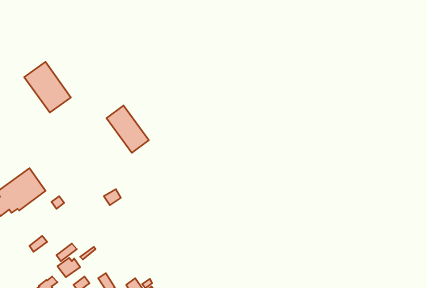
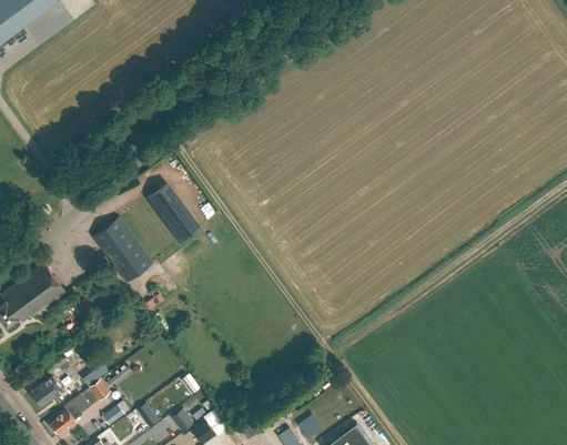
building: [24,62,71,113] -> [92,216,153,283]
building: none -> [31,375,63,405]

